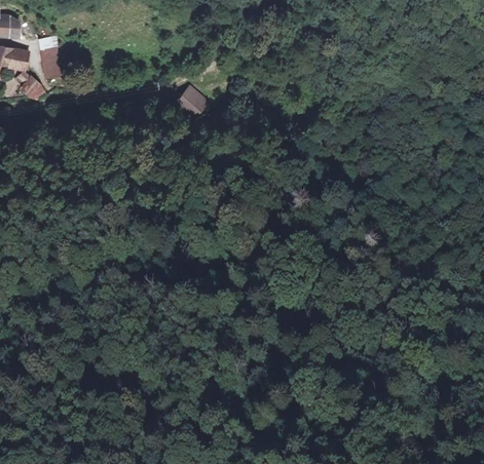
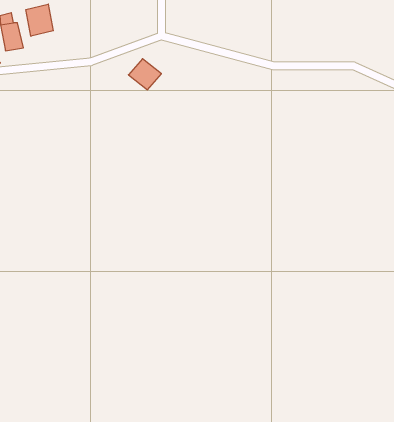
building: none -> [26,4,53,36]

